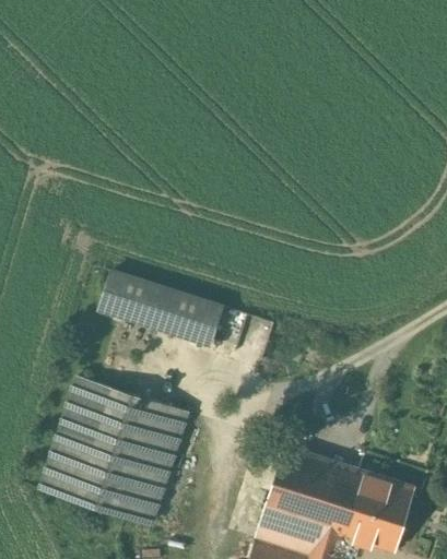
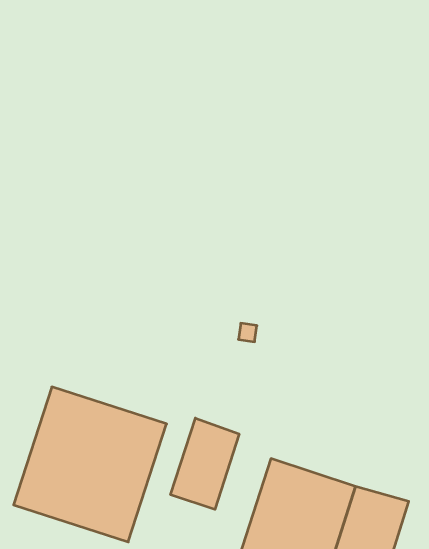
building: [96,271,223,345] -> none
building: none -> [171,418,239,509]

